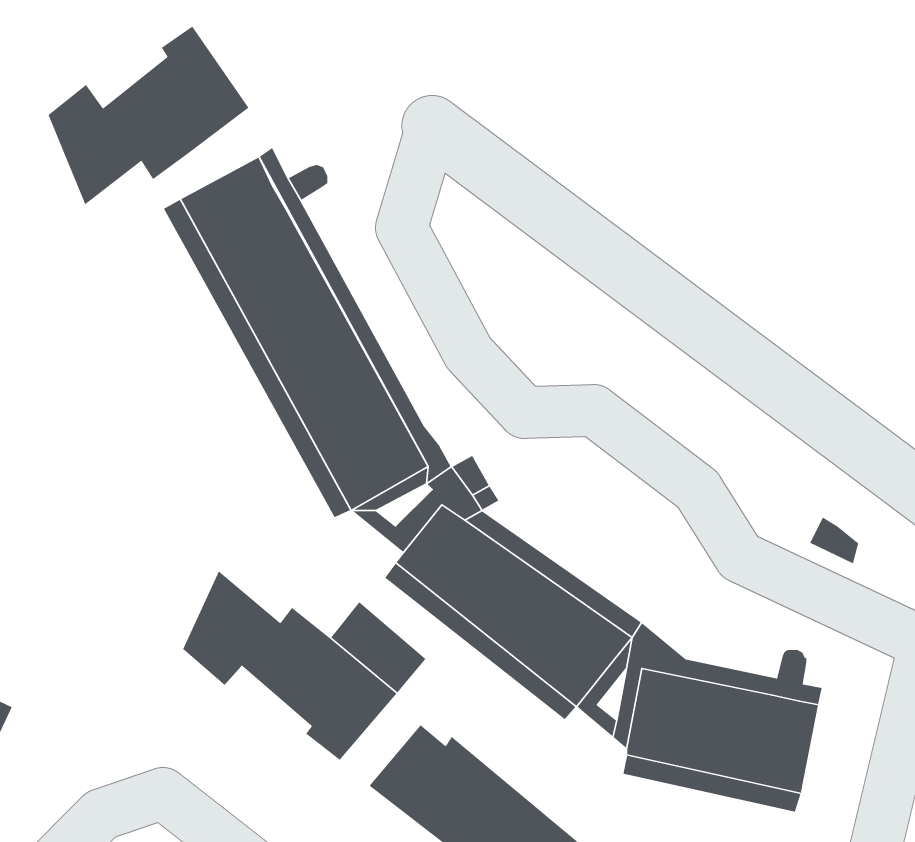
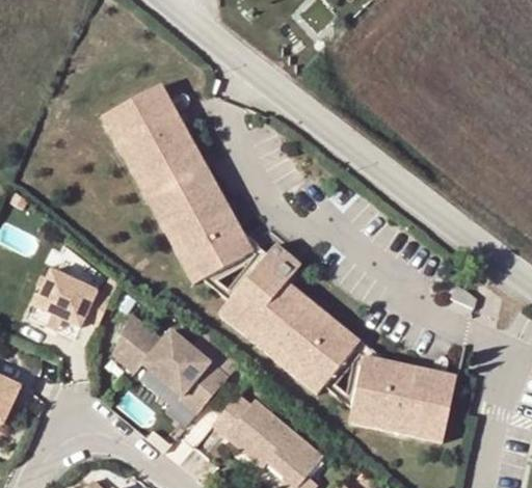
building: [47,25,250,206] -> none
building: none -> [33,269,109,325]

